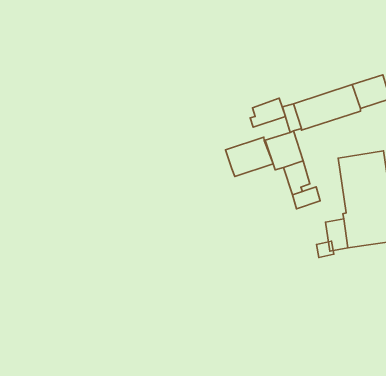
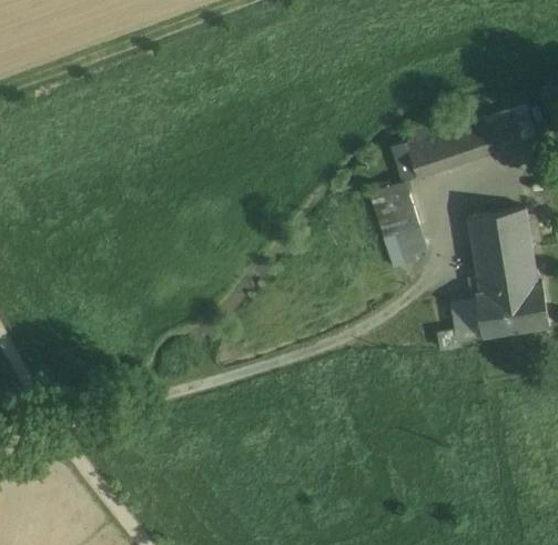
building: [250,98,285,127] -> none
building: [226,137,273,177] -> none
building: [292,187,320,209] -> none

